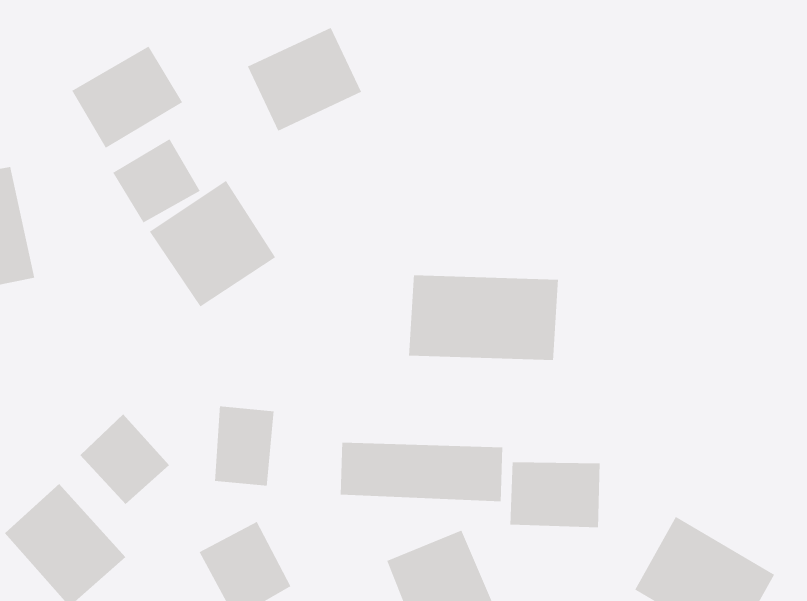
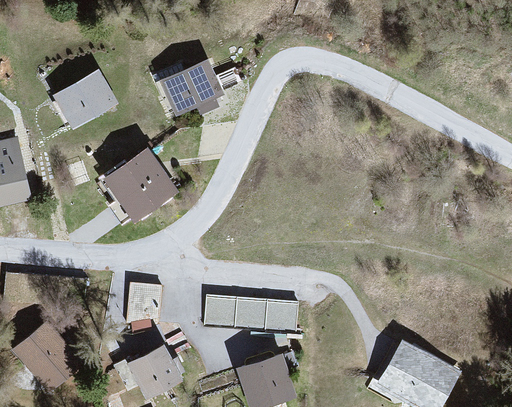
building: [112,138,201,224] -> none
building: [408,275,559,361] -> none
building: [79,414,170,505] -> none
building: [509,461,600,528] -> none

